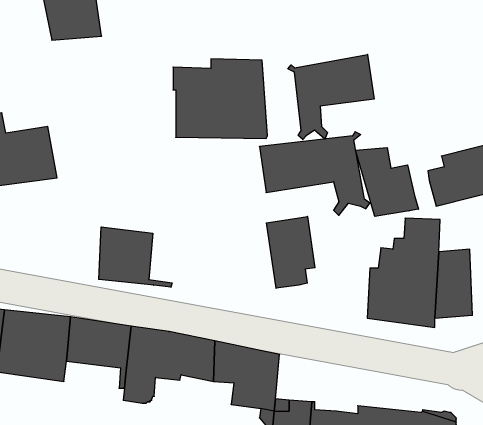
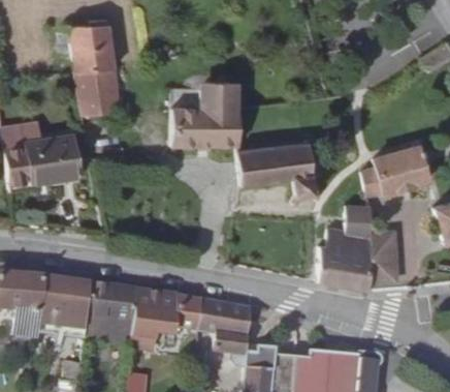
building: none -> [77,66,118,143]
building: [288,54,374,140] -> none
building: [356,148,418,216] -> none
building: [266,216,315,288] -> none
building: [99,227,172,287] -> none

